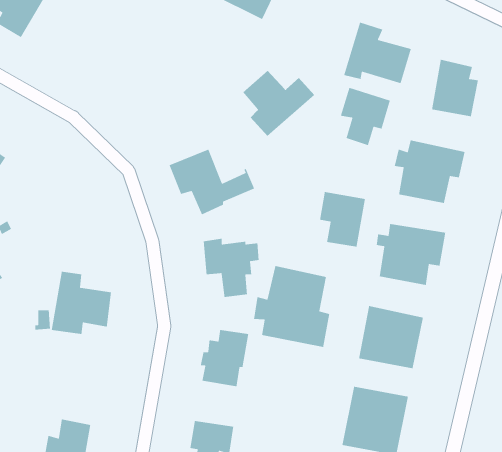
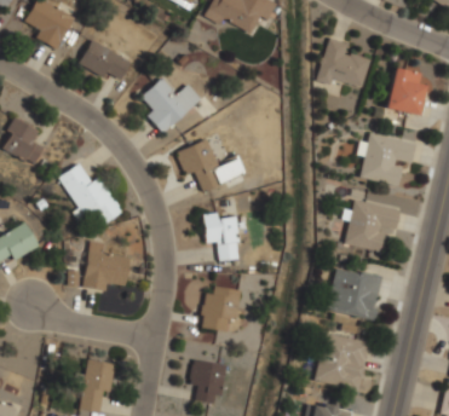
building: none -> [76,33,134,81]
building: [242,70,315,137] -> [142,79,201,133]
building: [340,87,391,146] -> none
building: none -> [58,166,122,227]
building: [319,191,366,248] -> none
building: [253,265,330,348] -> none

